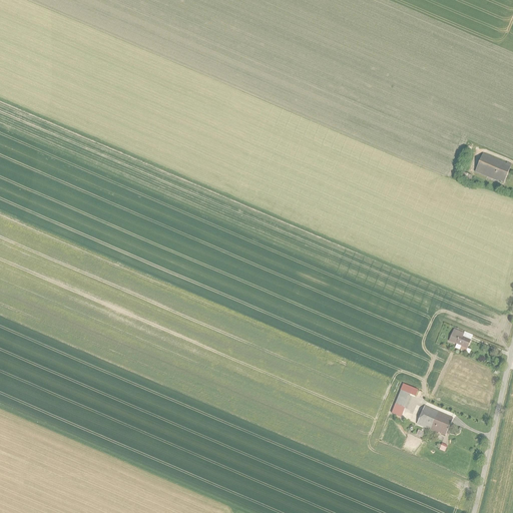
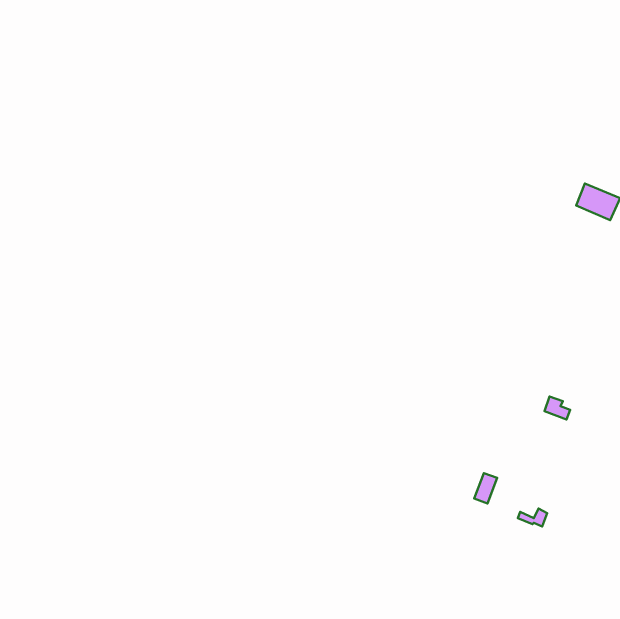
building: [417,405,453,427] -> none

